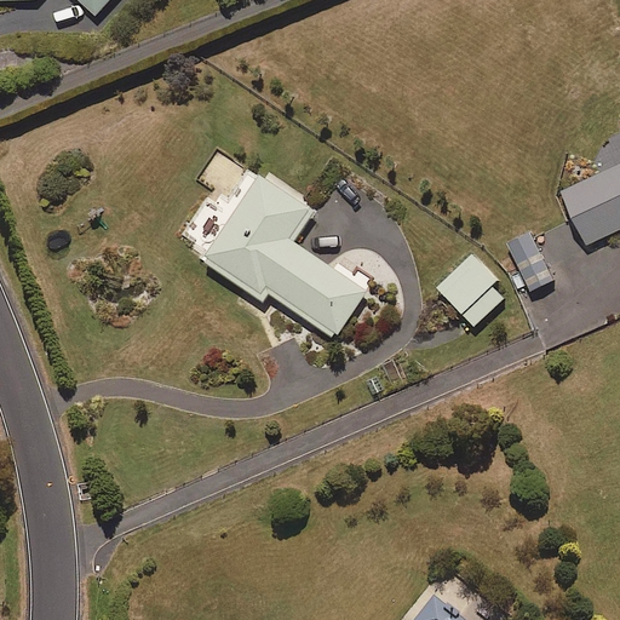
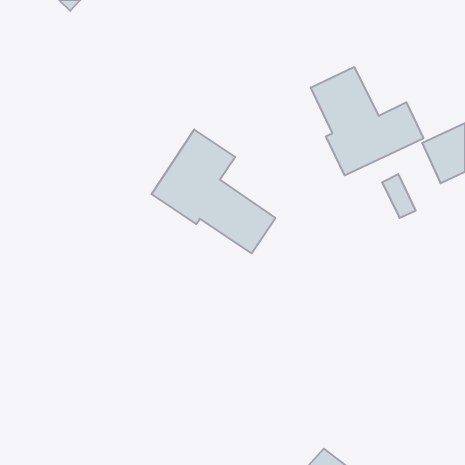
building: none -> [311,67,423,175]
building: [436,254,503,327] -> none

